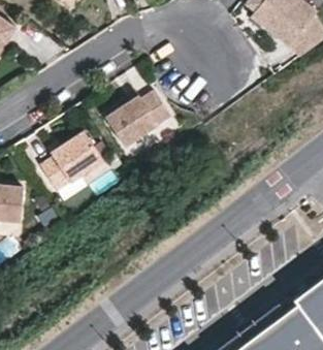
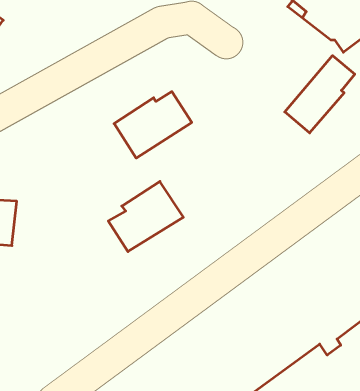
building: none -> [285,56,355,133]
building: [41,129,104,188] -> [108,181,183,252]

